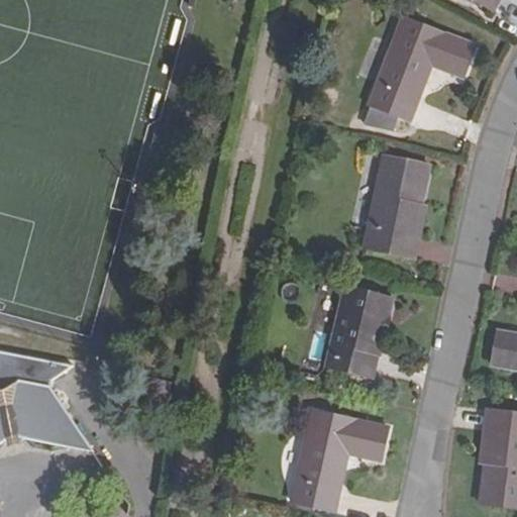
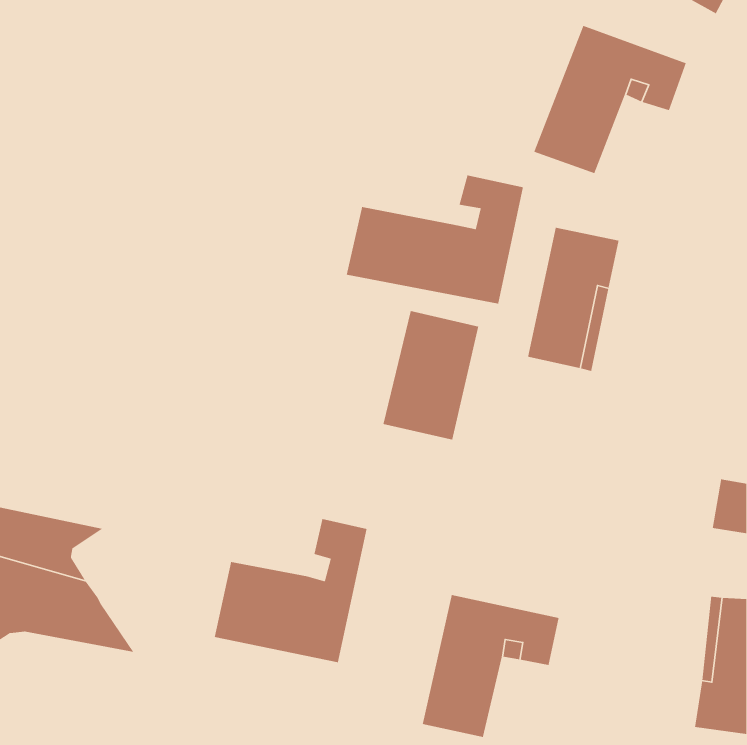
building: none -> [346,175,524,305]
building: [324,288,391,378] -> [382,310,479,440]
building: none -> [214,518,368,663]

